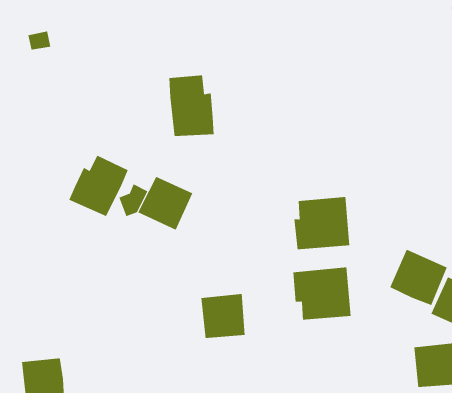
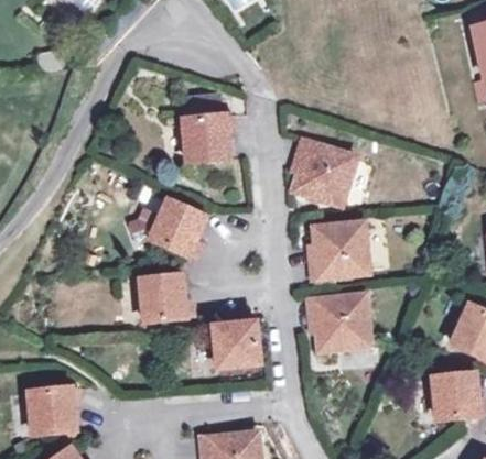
building: none -> [294,140,356,203]
building: [68,155,129,217] -> none
building: none -> [141,275,186,321]
building: [390,249,448,306] -> none

